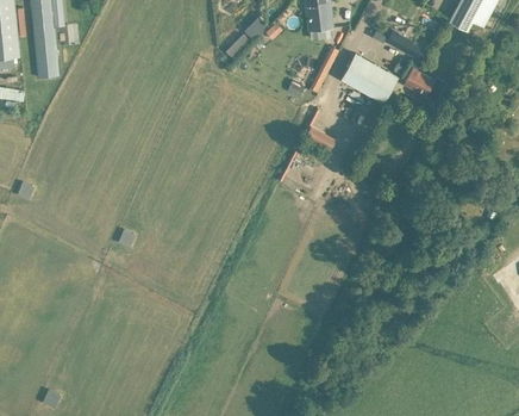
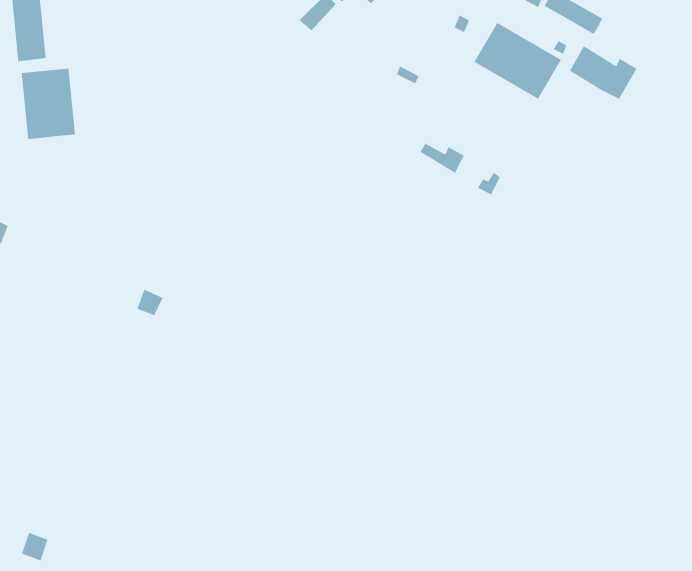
building: none -> [21,68,75,140]

